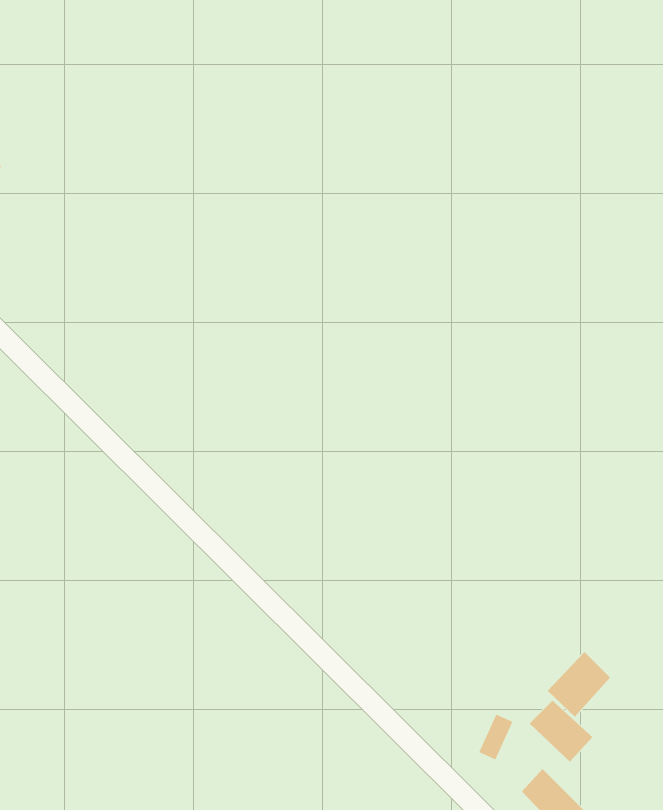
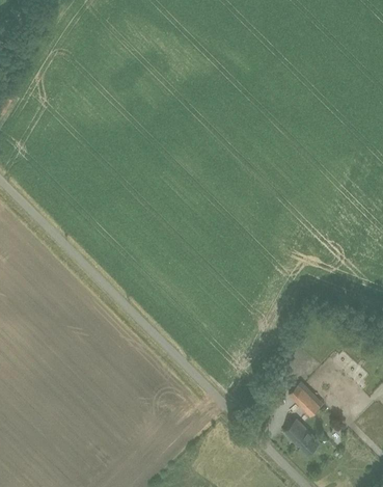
building: [547,651,611,718] -> none

